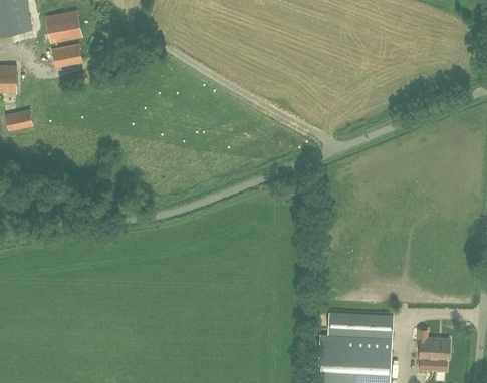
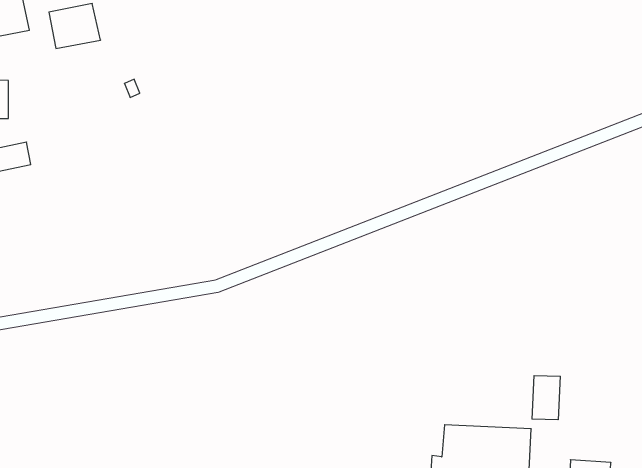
building: [52,44,82,68] -> none
building: none -> [532,376,560,420]

